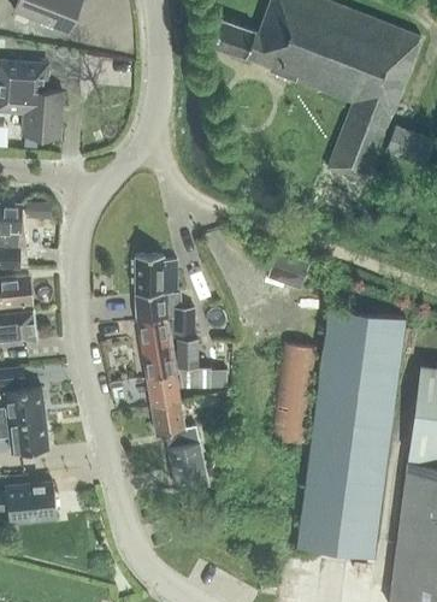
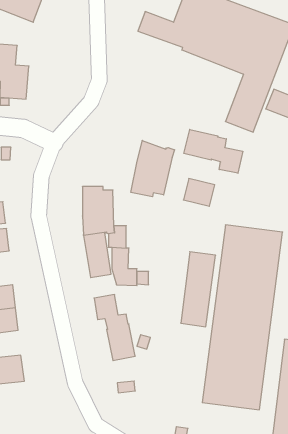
building: none -> [184,129,243,173]
building: none -> [131,140,175,197]
building: [146,373,178,406] -> none

